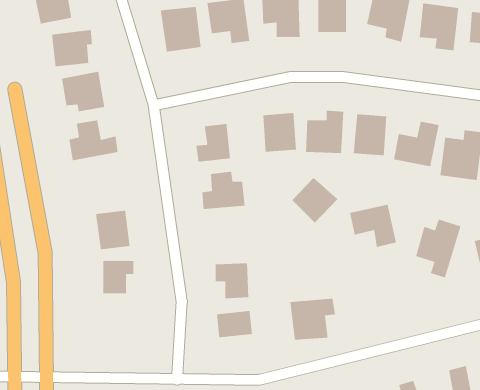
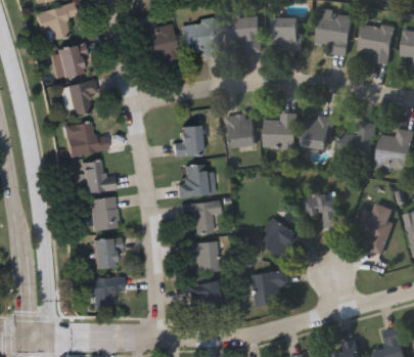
building: none -> [82,160,113,192]
building: [292,177,338,223] -> [263,220,302,259]
building: none -> [181,200,219,233]
building: none -> [84,276,123,308]

